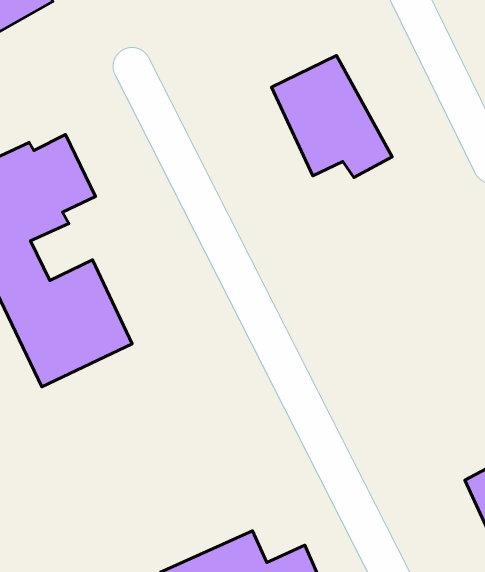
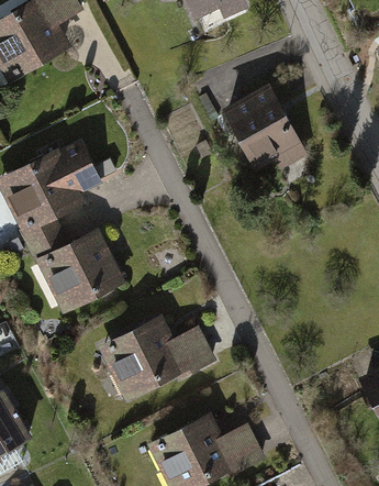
building: none -> [96,317,215,402]

